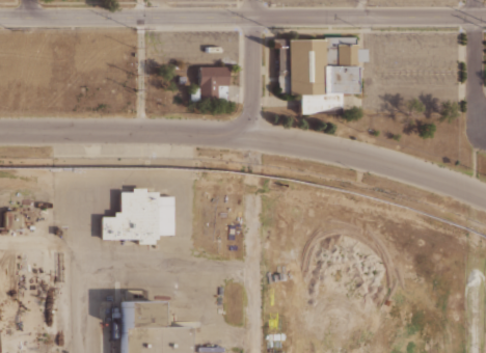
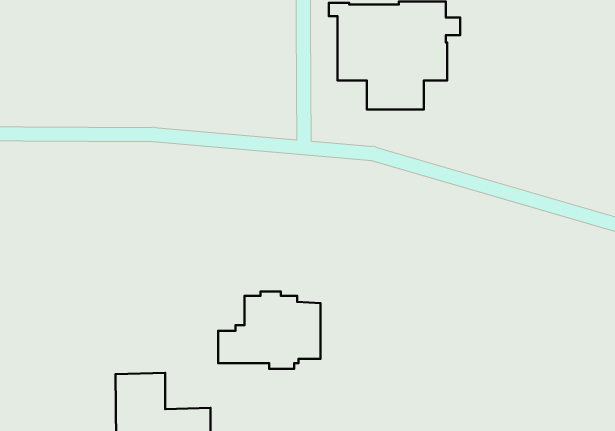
building: [201,67,227,102] -> none
building: [103,188,176,243] -> [218,291,320,369]

